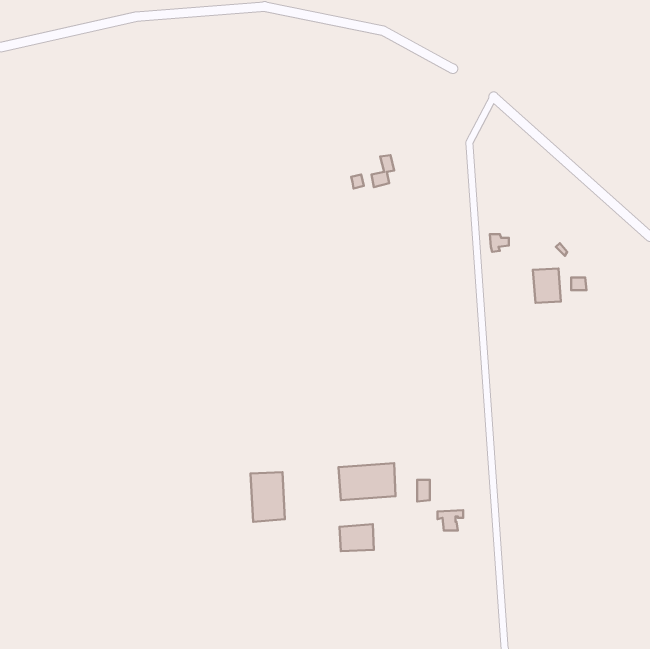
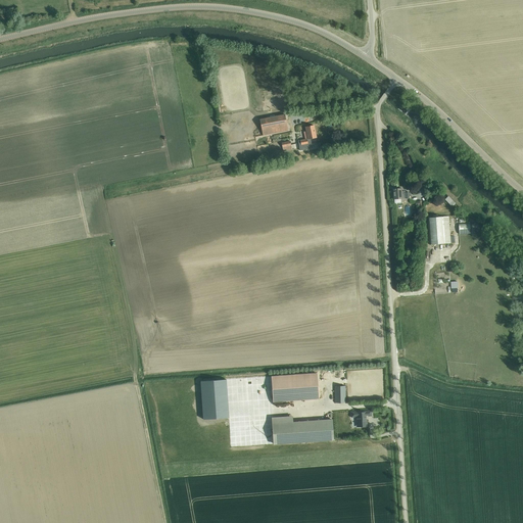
building: none -> [254,113,288,136]
building: none -> [299,419,334,441]

